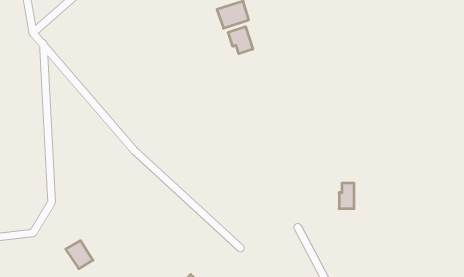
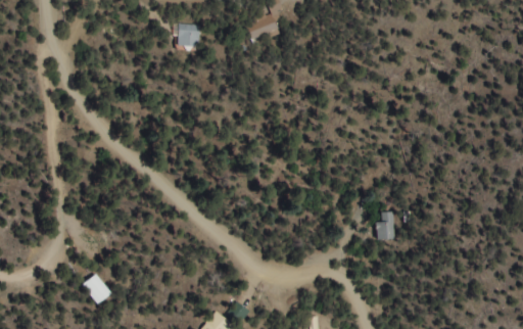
building: none -> [177,22,199,46]
building: [228,27,253,54] -> none

